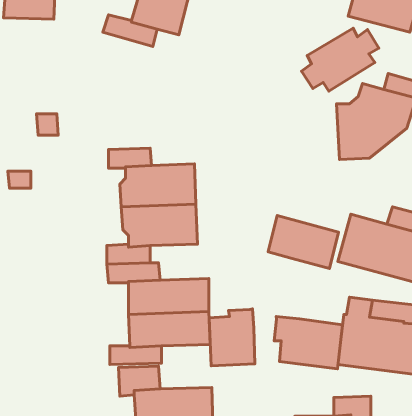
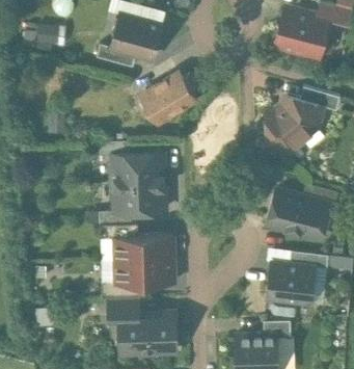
building: [301,28,379,91] -> [141,75,197,121]
building: [268,216,339,268] -> none
building: [209,309,255,366] -> none
building: [274,317,343,369] -> none

